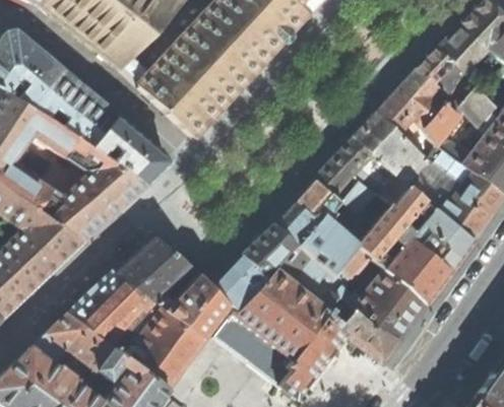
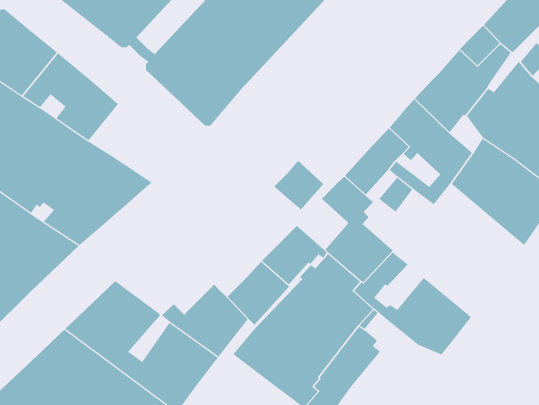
building: [90,117,171,186] -> none
building: [359,187,476,304] -> none
building: [274,200,319,245] -> [274,160,324,211]
building: [114,235,191,300] -> none
building: [342,308,402,362] -> none

